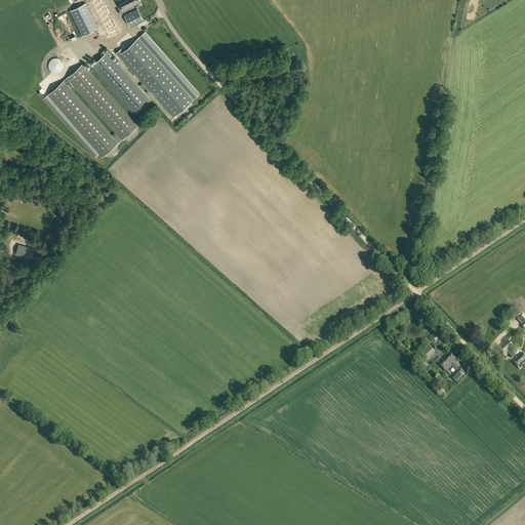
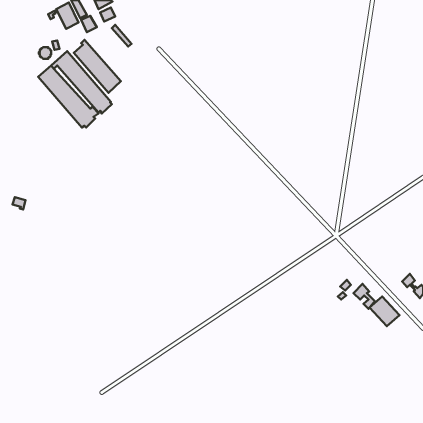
building: [116,38,193,116] -> none
building: none -> [370,296,400,326]

